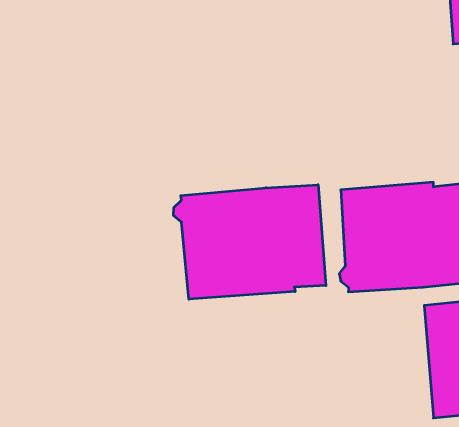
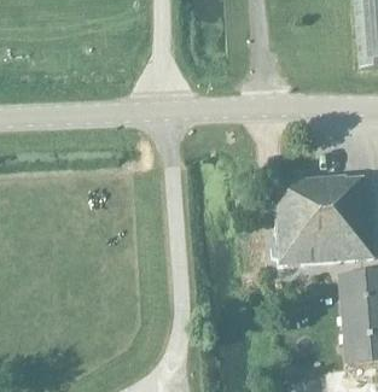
building: [173,185,326,299] -> none

